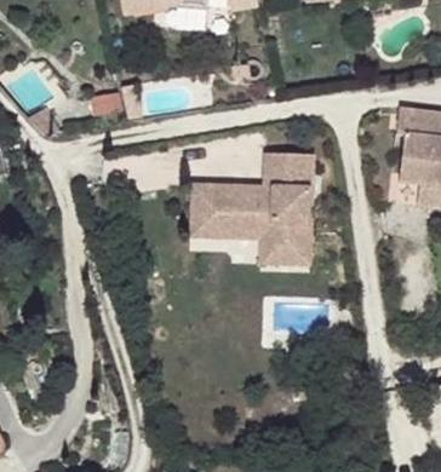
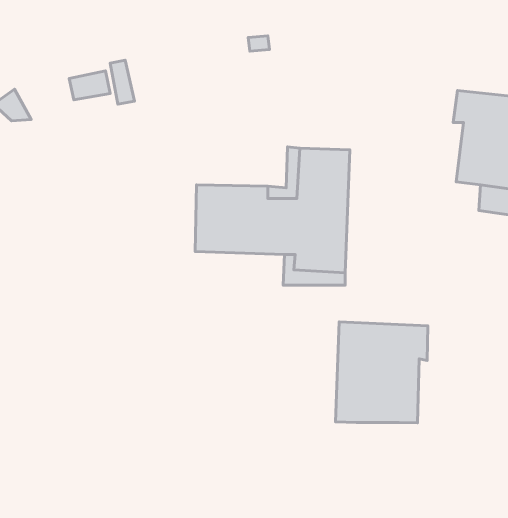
building: none -> [336,322,428,423]

